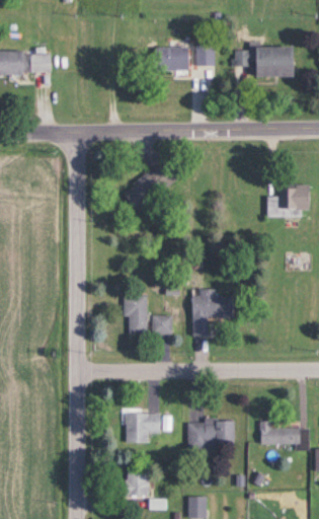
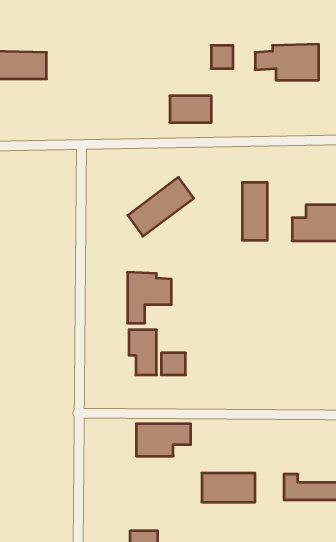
building: [154,48,190,71] -> [170,96,211,122]
building: none -> [242,182,267,240]
building: [192,291,231,336] -> [127,272,171,323]
building: [126,414,173,442] -> [136,424,191,456]

